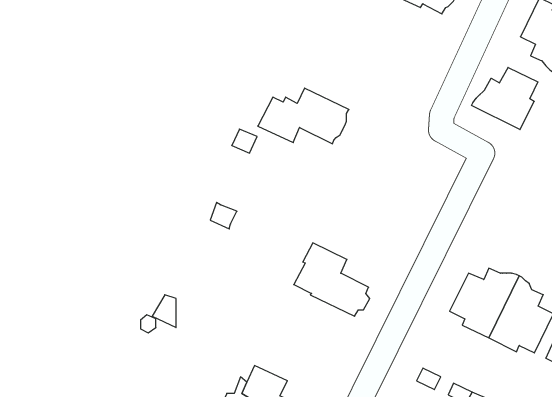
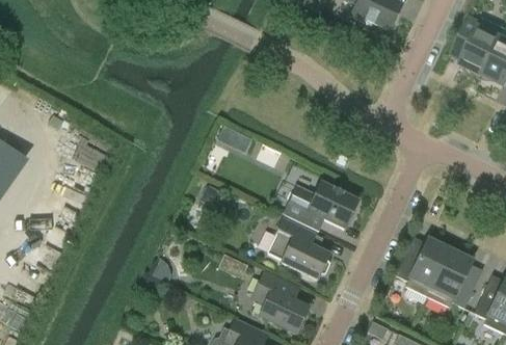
building: [472,67,538,130] -> none
building: [258,88,349,144] -> [284,182,358,228]
building: none -> [254,271,309,331]

